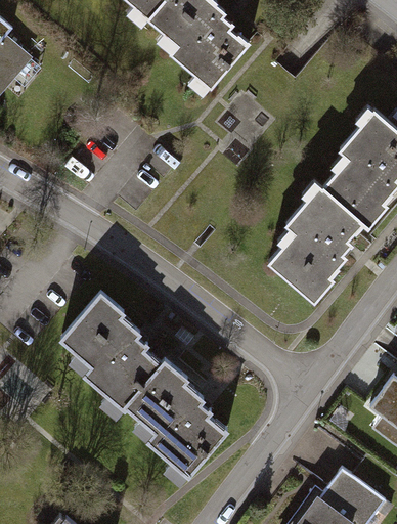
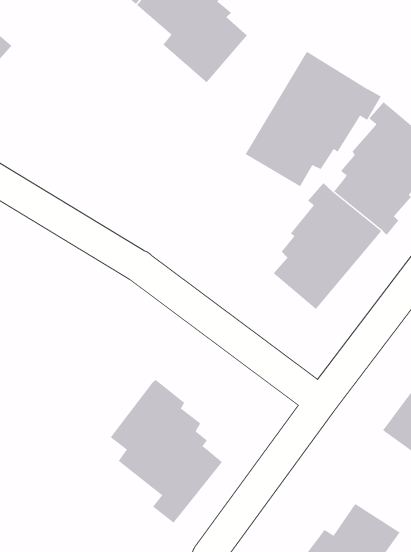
building: none -> [245,51,381,187]
building: [58,293,161,423] -> none

